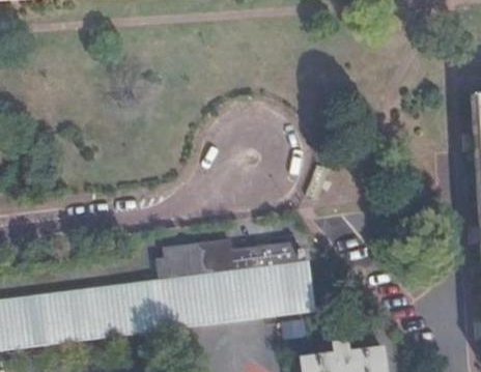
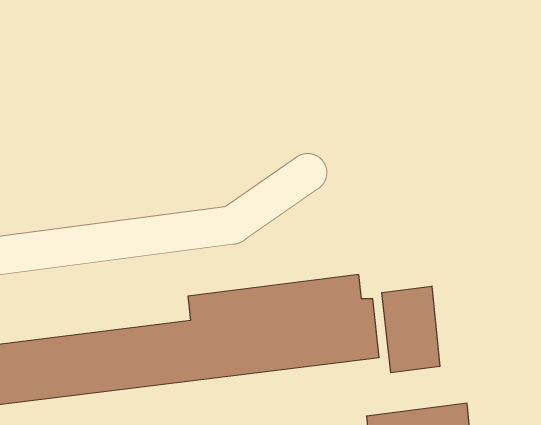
building: none -> [382,286,440,373]

